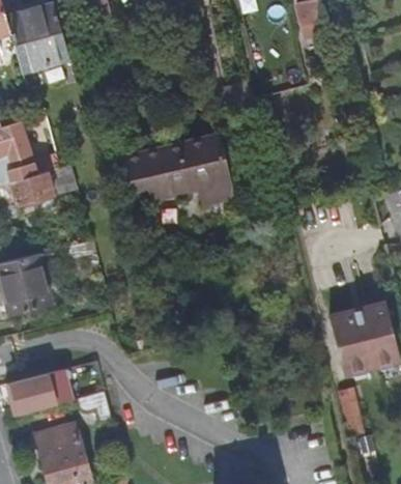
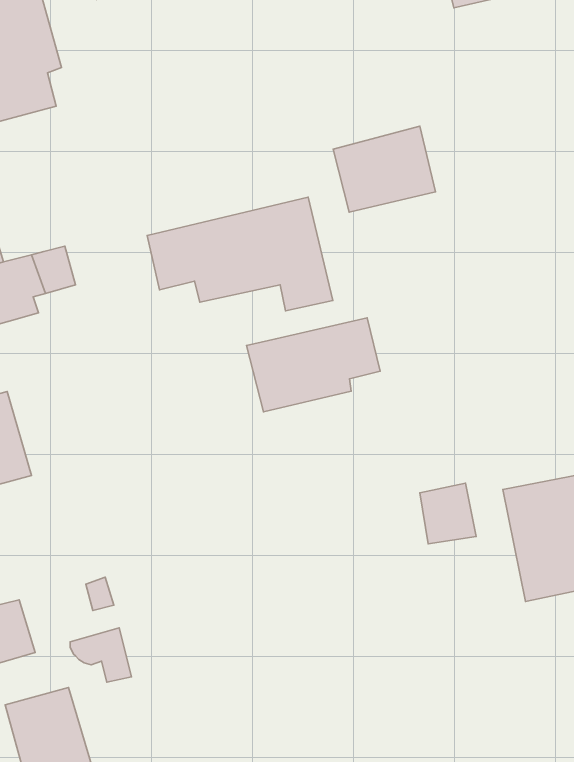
building: none -> [333,126,435,212]
building: none -> [247,318,380,412]
building: none -> [420,483,476,544]

